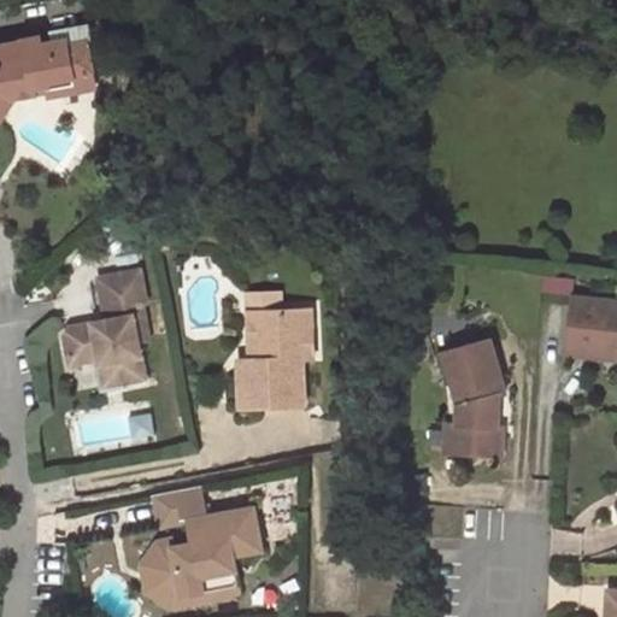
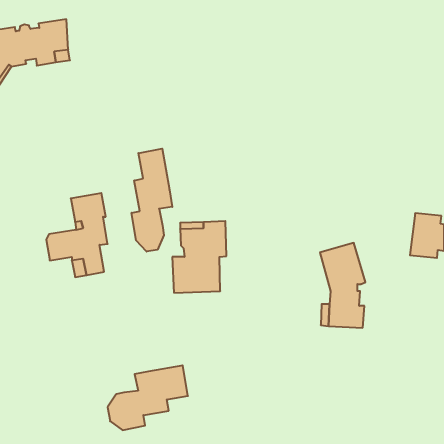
building: none -> [132,149,172,252]
building: [153,486,205,524] -> none
building: [140,537,237,606] -> none

